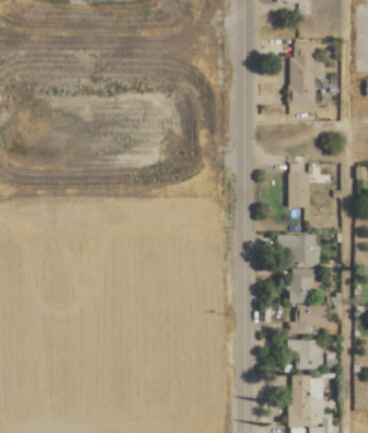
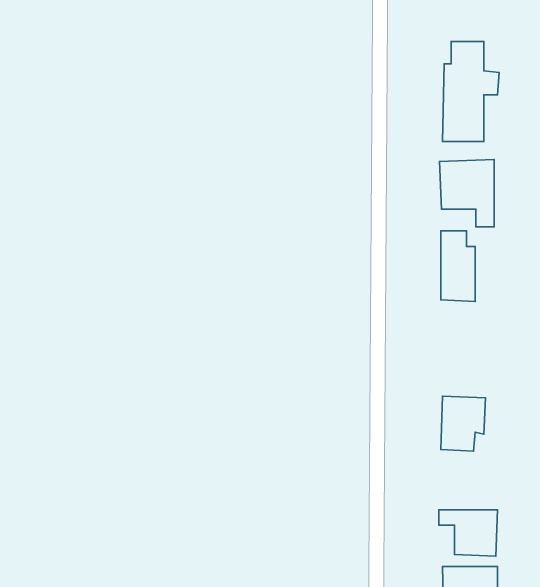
building: none -> [439,160,494,227]
building: [278,234,321,264] -> none
building: [289,305,327,333] -> none

